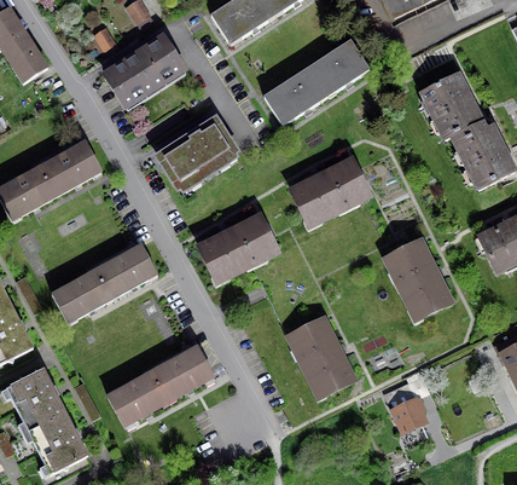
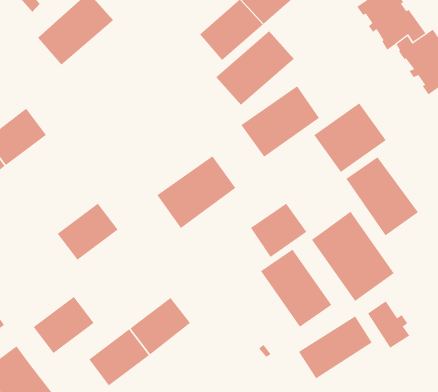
building: [157,117,237,186] -> [215,30,295,106]
building: none -> [313,102,386,173]
building: [52,267,112,321] -> [33,296,94,354]
building: none -> [250,203,307,258]
building: none -> [311,211,394,302]
building: none -> [298,315,372,379]

